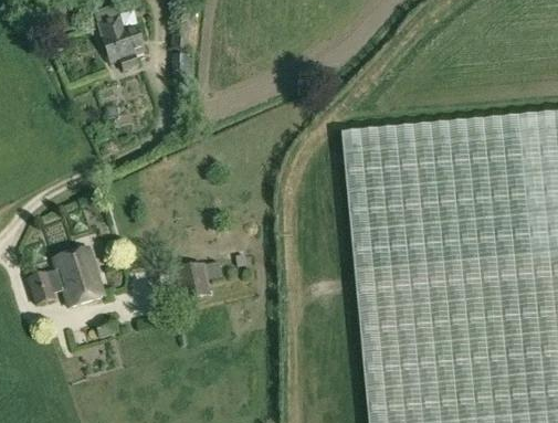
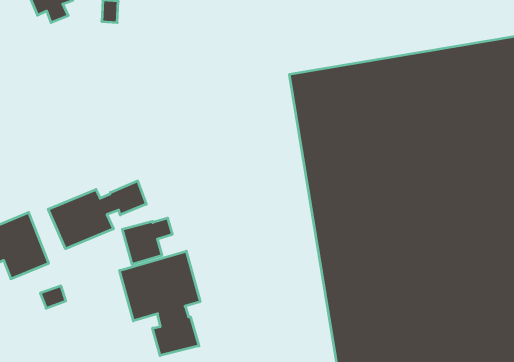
building: none -> [48,181,146,249]
building: none -> [120,251,200,356]

